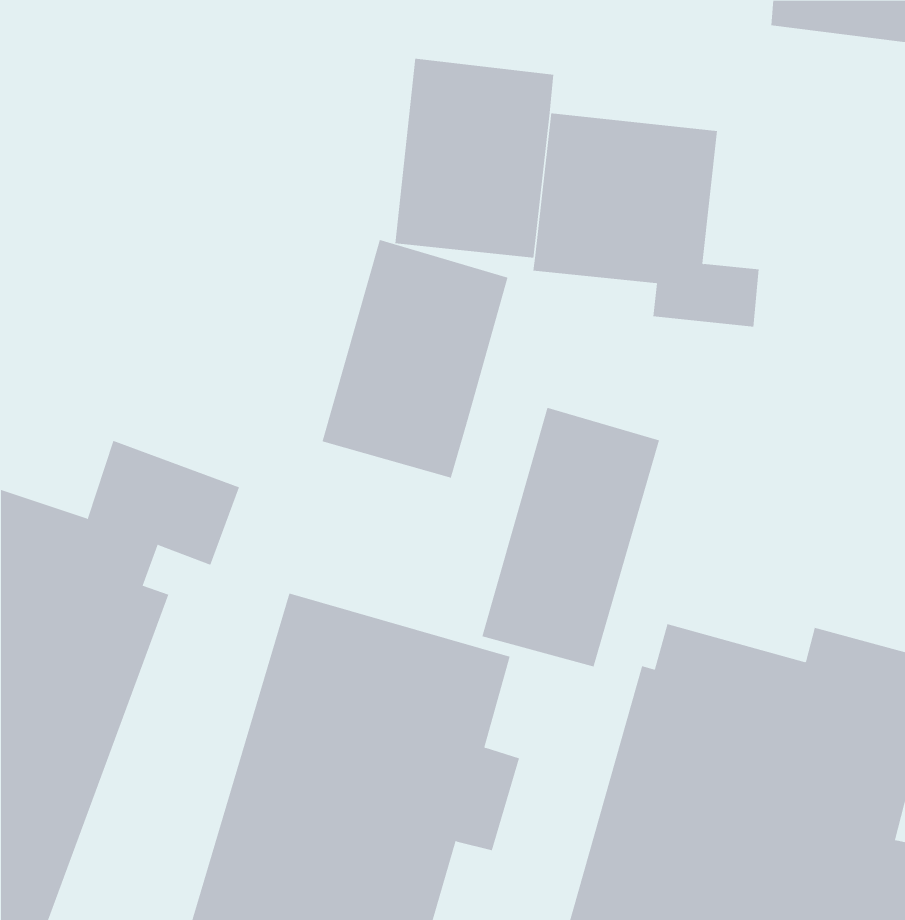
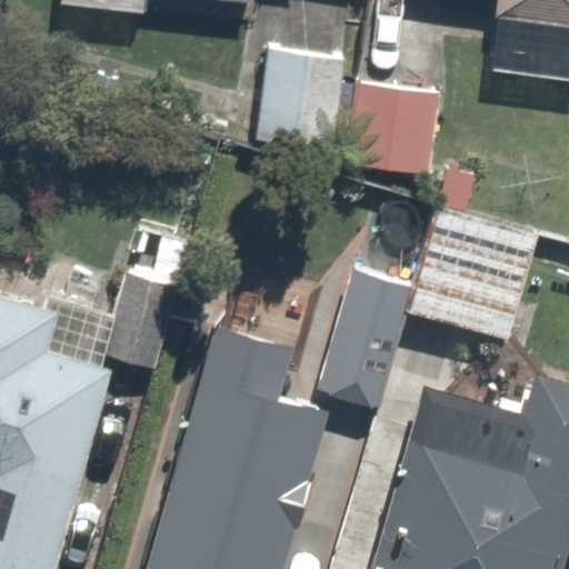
building: [322,239,508,479] -> none
building: none -> [407,206,545,343]

